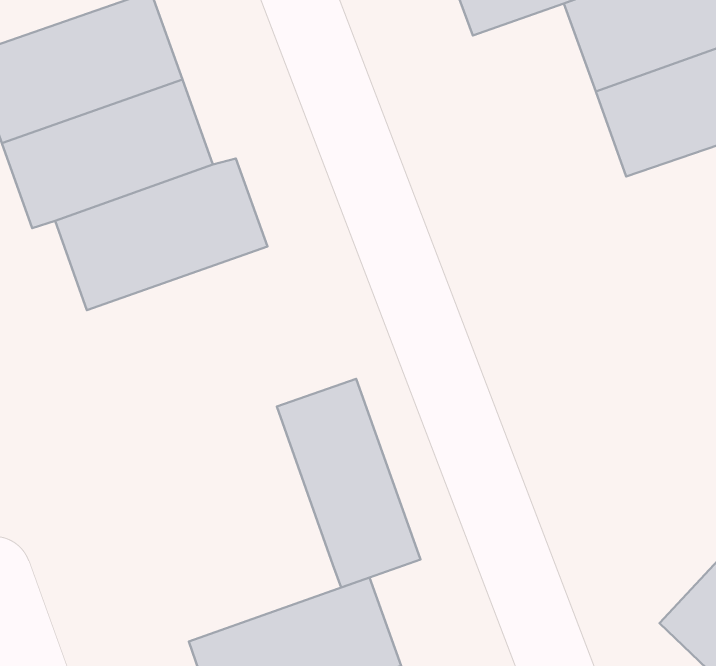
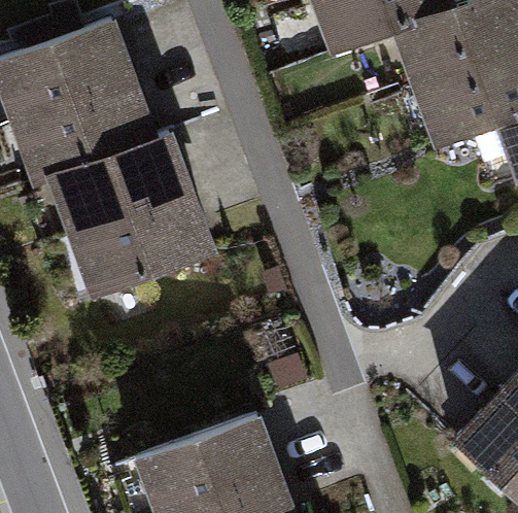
building: none -> [68,192,211,293]
building: [277,379,421,588] -> none

